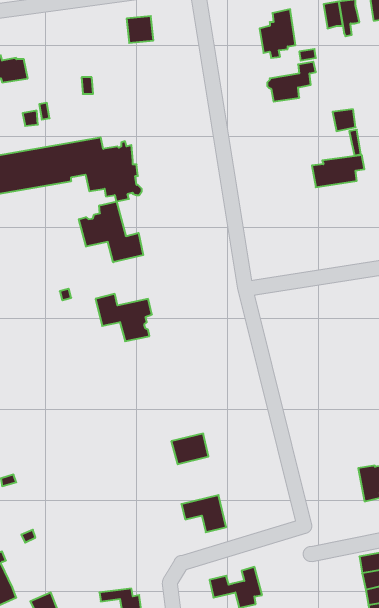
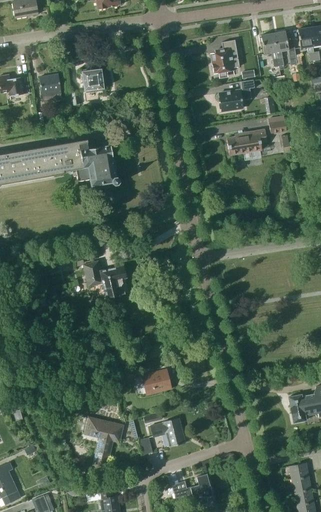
building: [127,16,153,43] -> [82,69,103,90]
building: none -> [39,74,62,101]
building: [312,155,364,187] -> [226,130,267,155]
building: [79,201,143,262] -> none
building: none -> [85,417,124,468]

